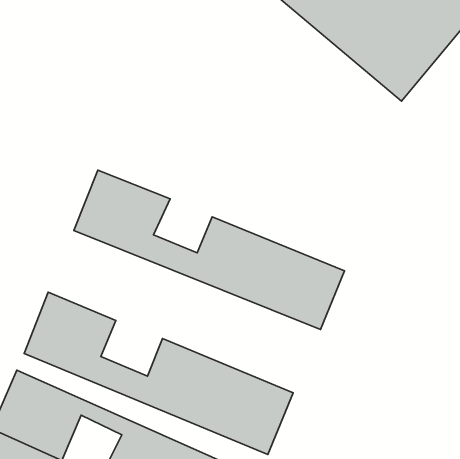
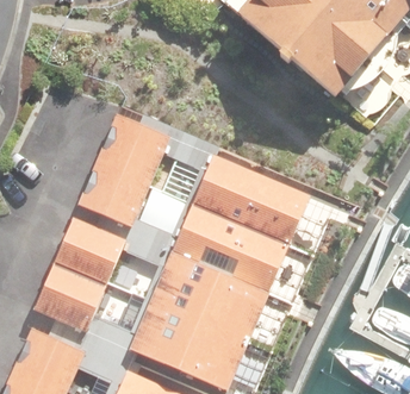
building: none -> [97,112,312,243]
building: none -> [57,211,273,339]

